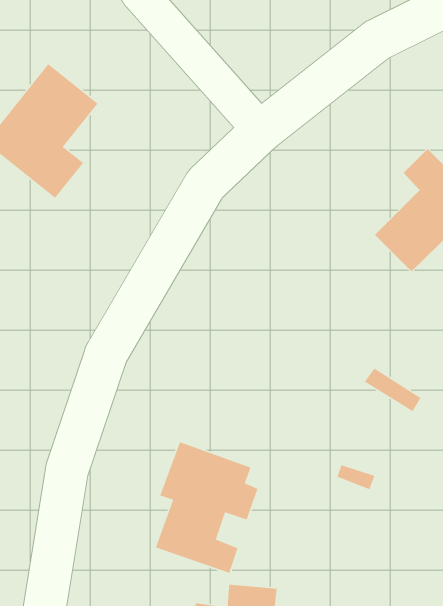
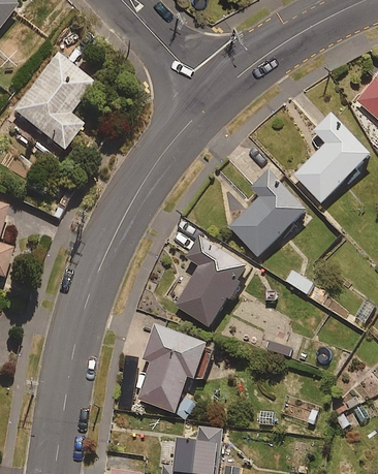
building: none -> [229,170,306,256]
building: none -> [170,235,248,327]

